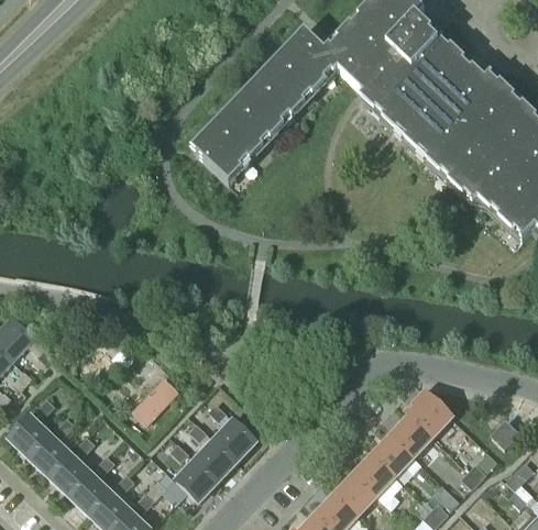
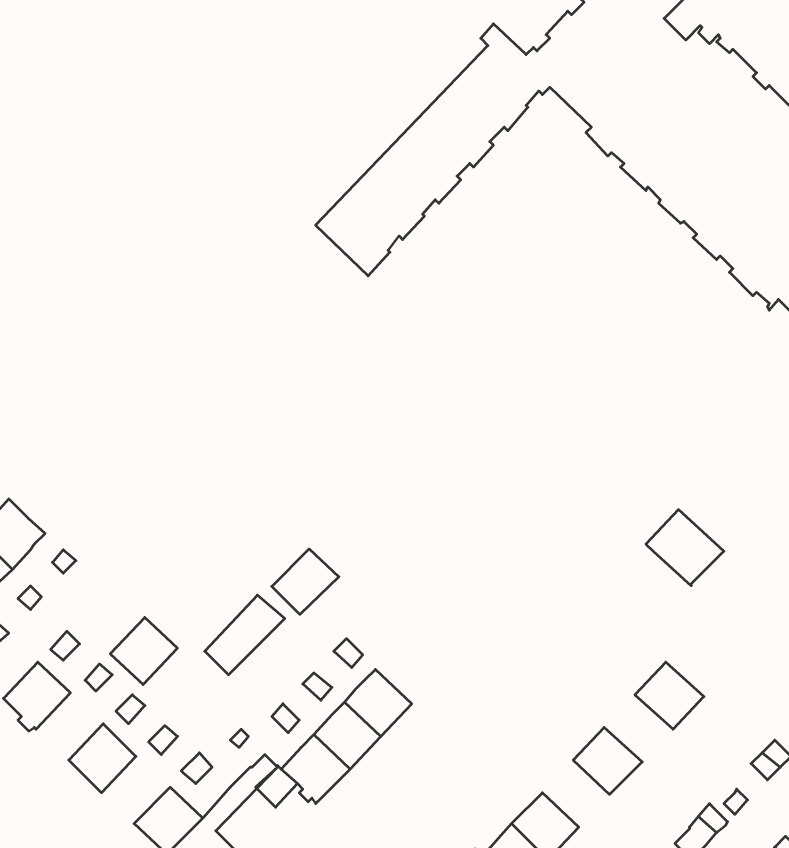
building: none -> [272,549,339,614]
building: [405,389,452,435] -> [646,510,724,586]
building: [28,433,68,474] -> [110,617,177,685]
building: [372,434,420,475] -> none
building: [67,472,109,512] -> none
building: [334,474,375,515] -> none

